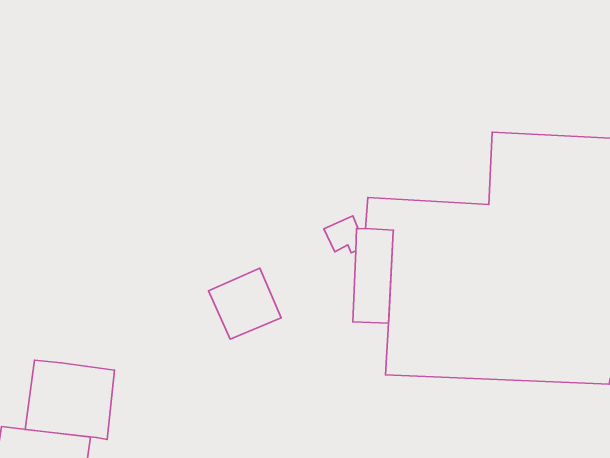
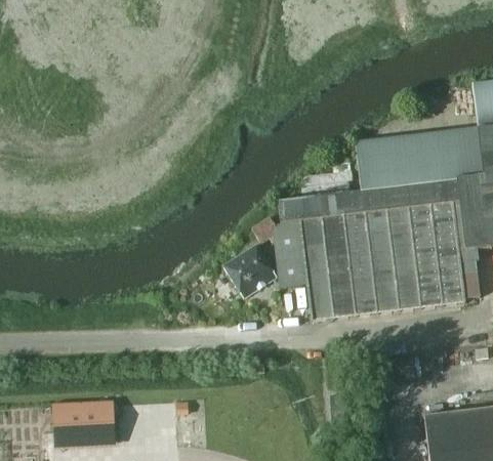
building: [208,268,281,339] -> [223,244,277,296]
building: [25,360,115,440] -> none

